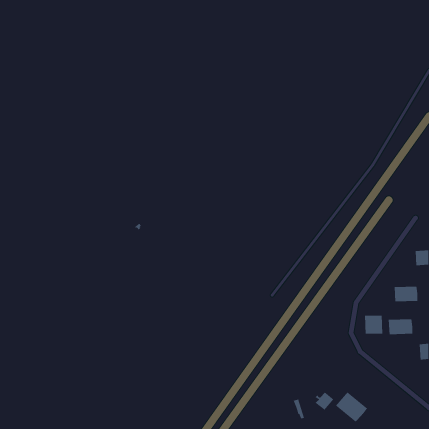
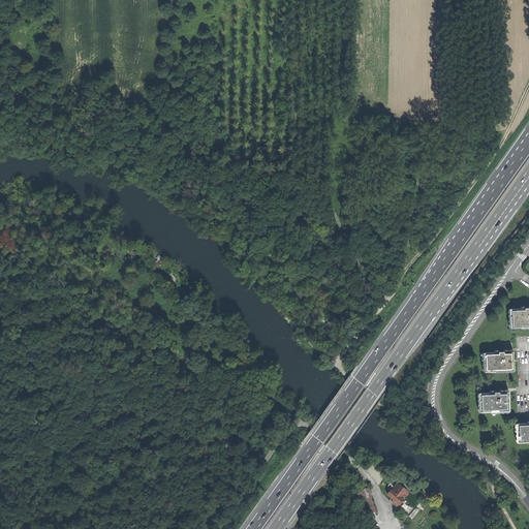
building: [365,315,383,335] -> none
building: [335,391,368,422] -> none

